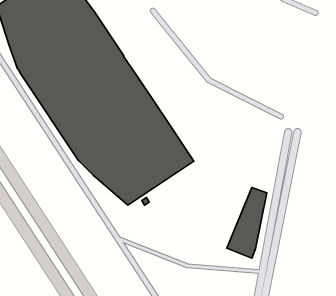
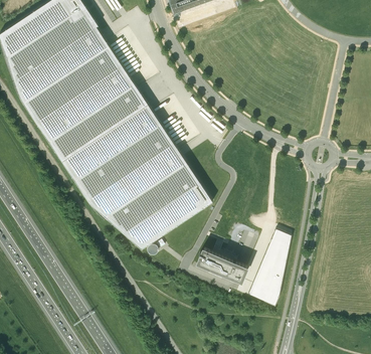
building: none -> [199,245,247,280]

